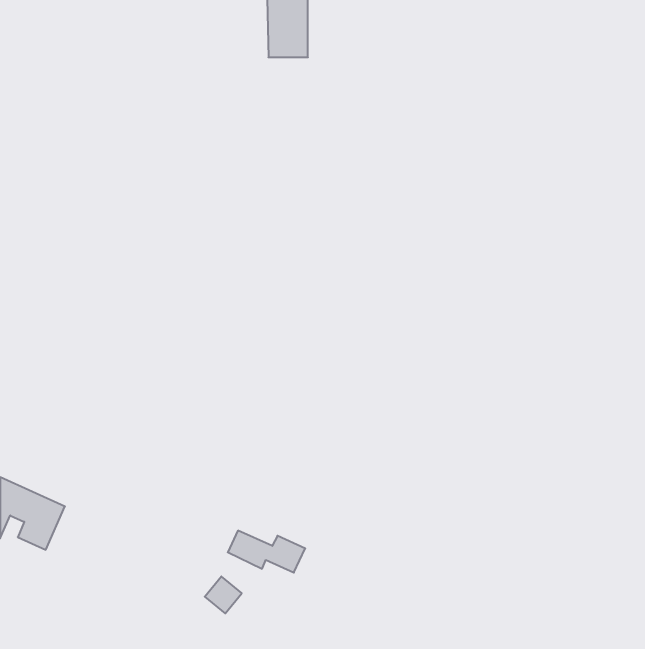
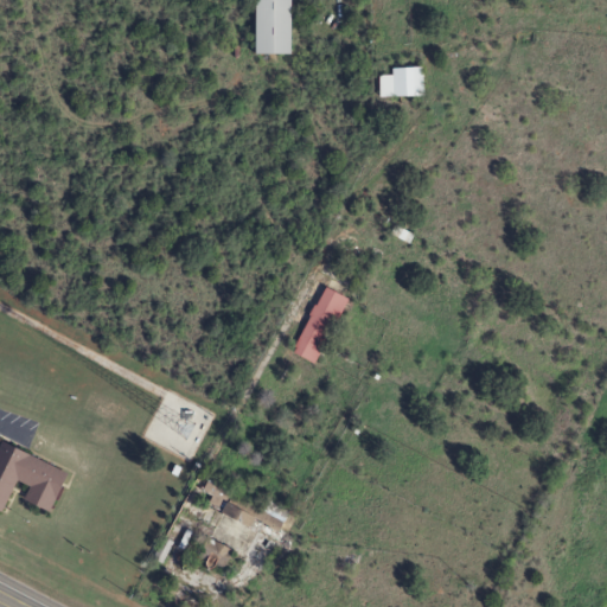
building: none -> [379,68,423,96]
building: none -> [292,287,347,364]

